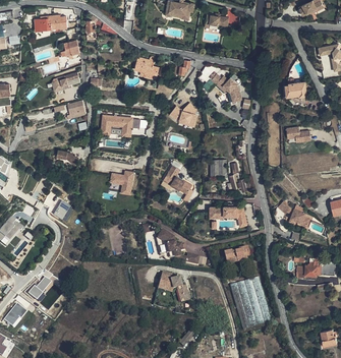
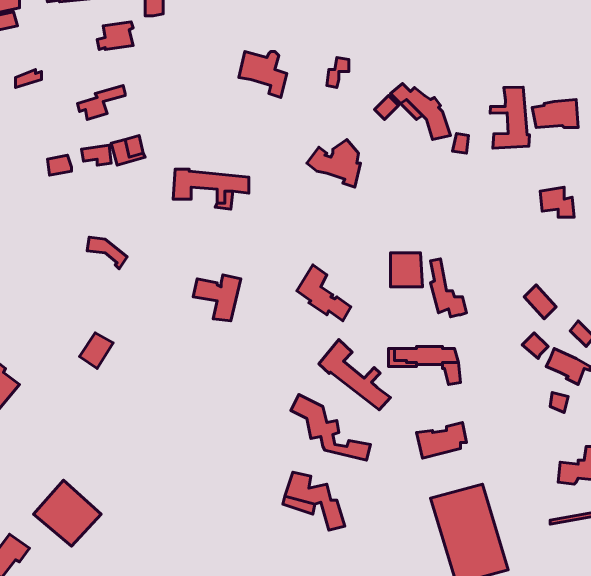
building: none -> [490,87,530,148]
building: none -> [319,339,391,410]

